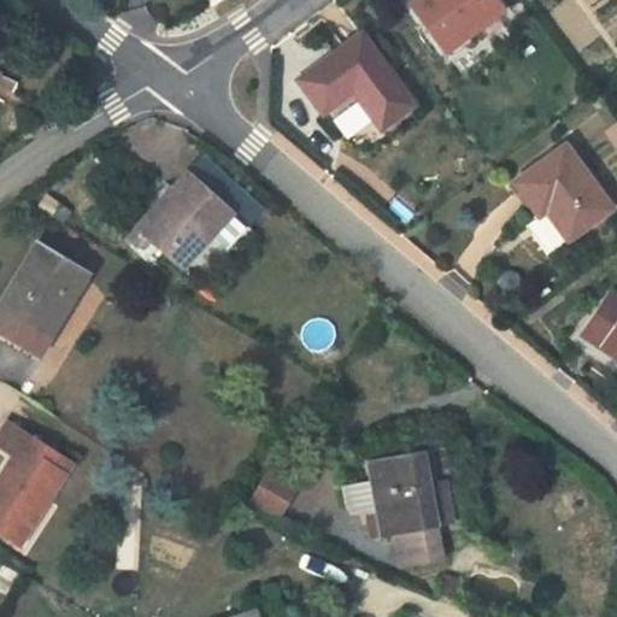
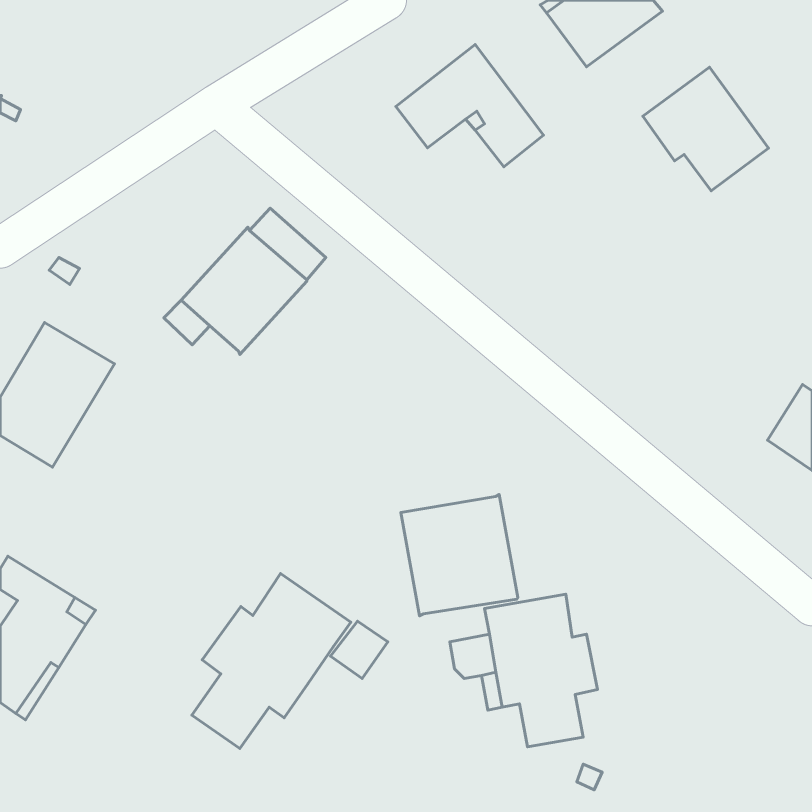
building: [515,145,610,239] -> [643,67,768,191]
building: none -> [401,494,518,616]
building: none -> [192,574,351,748]

